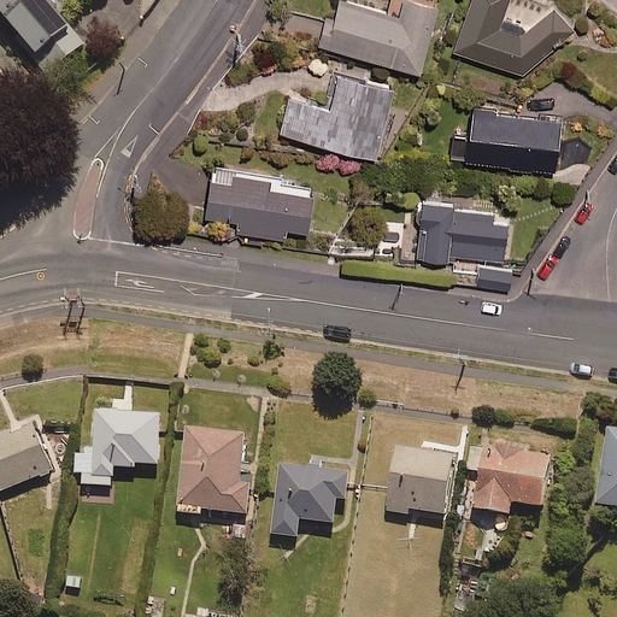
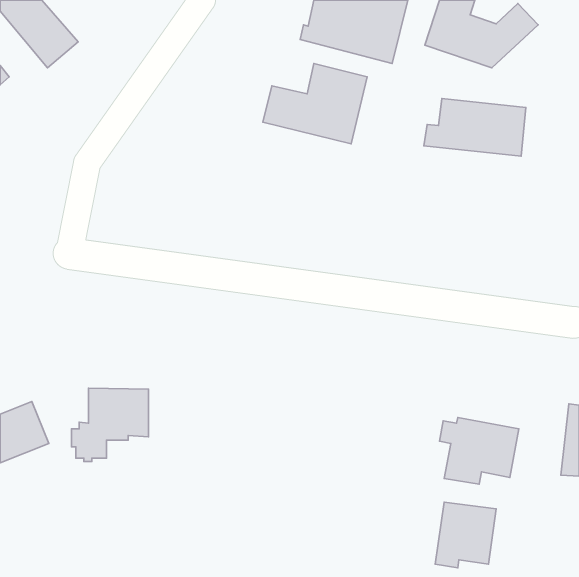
building: [204,165,310,235] -> none
building: [416,200,506,260] -> none
building: [178,430,251,517] -> none
building: [388,451,453,521] -> [435,502,496,568]
building: [272,468,349,540] -> none

